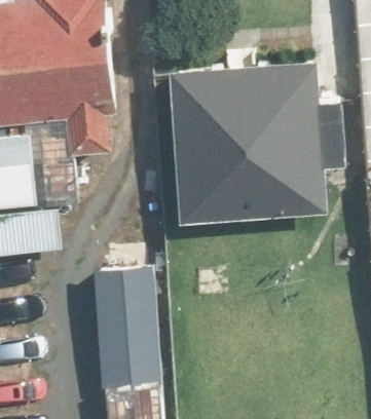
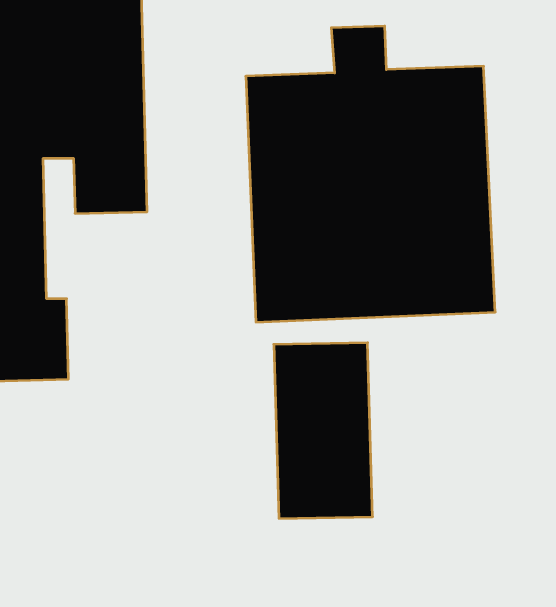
building: [95,271,155,379] -> [274,343,373,518]

